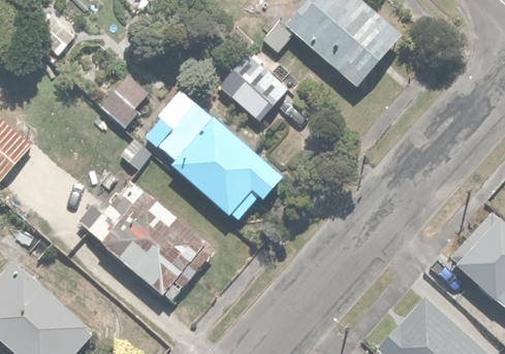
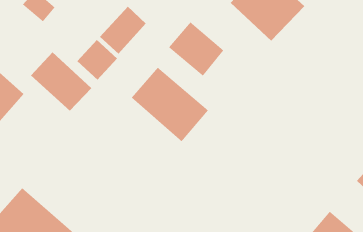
building: none -> [99,6,146,54]
building: none -> [30,51,92,112]
building: [84,173,219,302] -> none

